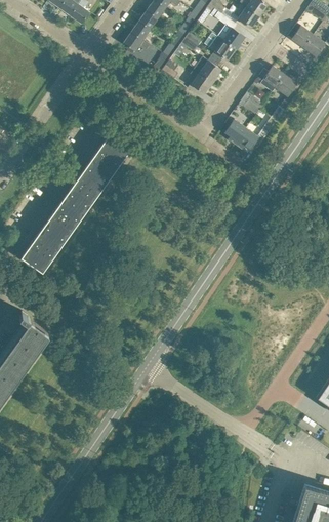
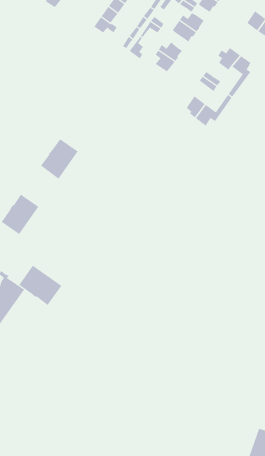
building: [86,135,128,180] -> none
building: [43,196,85,241] -> none
building: none -> [19,265,62,306]

